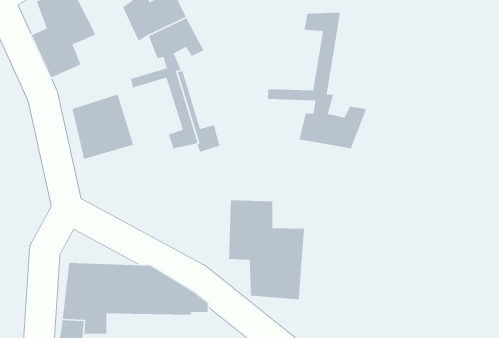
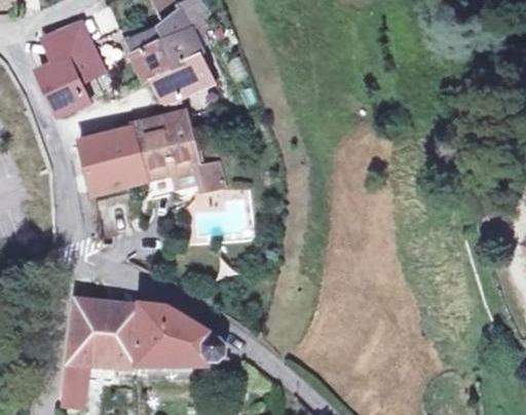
building: [267,12,367,149] -> none
building: none -> [126,116,192,185]
building: [228,199,305,300] -> none

